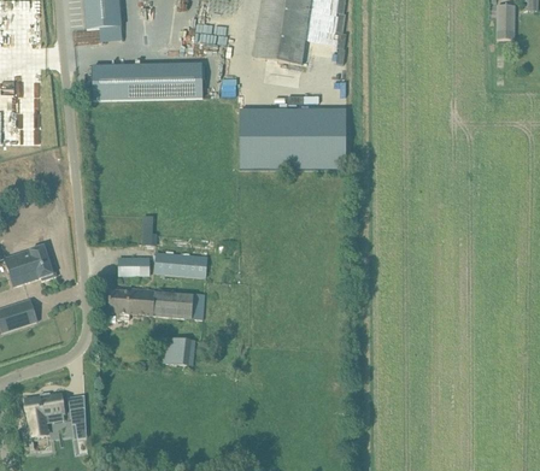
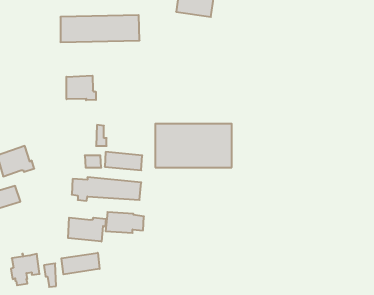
building: [240,108,346,169] -> [155,124,232,167]
building: none -> [66,76,96,100]
building: none -> [68,218,106,242]
building: none -> [61,253,100,274]

